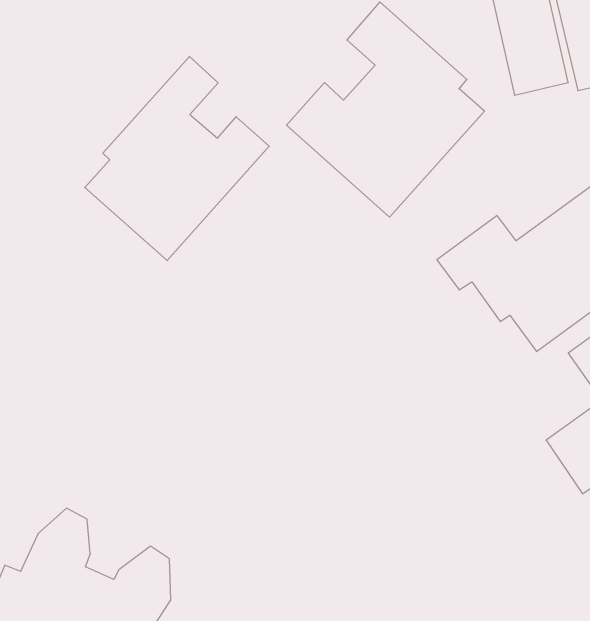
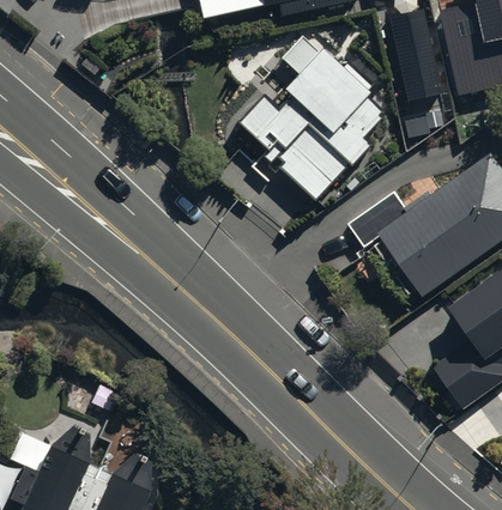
building: [85,56,269,261] -> none

